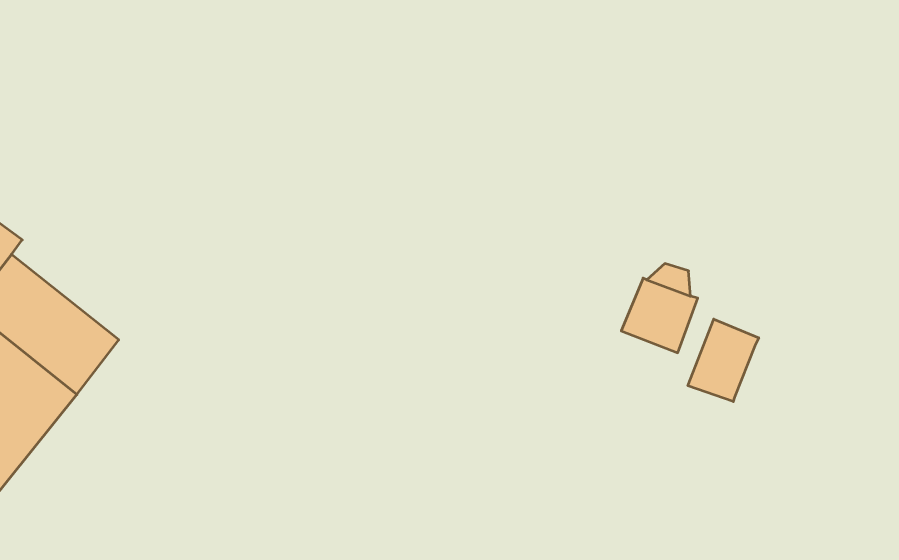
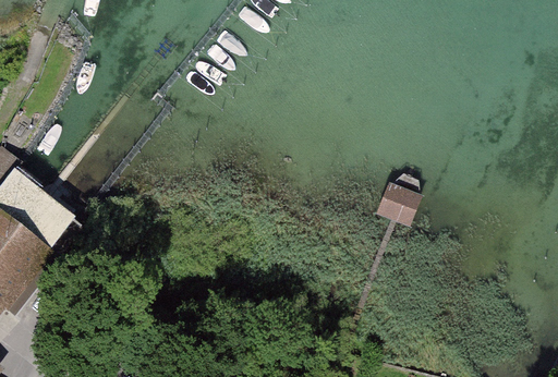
building: [688,319,759,402] -> none

